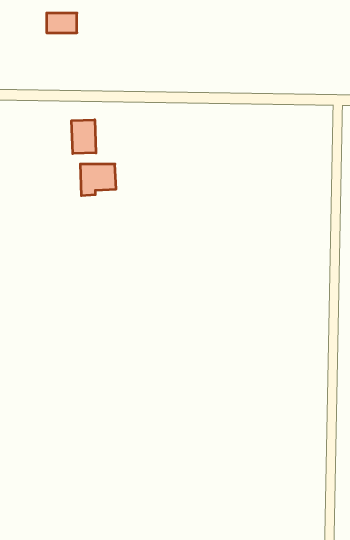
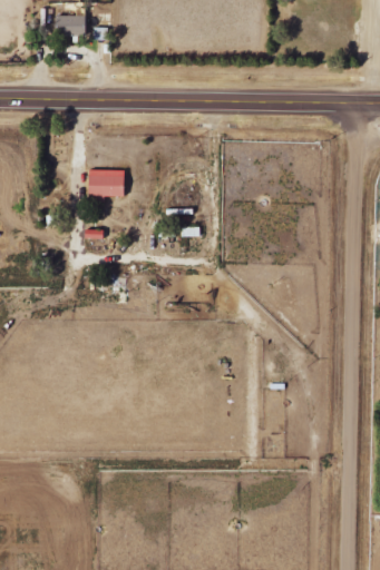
building: [72,120,96,154] -> none

